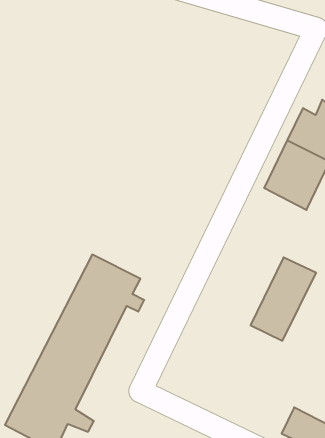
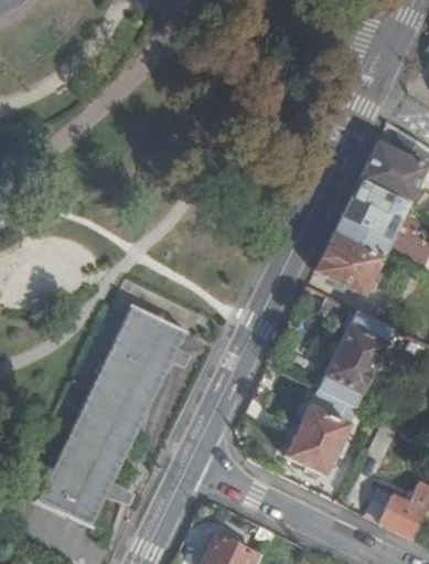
building: none -> [314,231,382,295]
building: none -> [285,387,356,473]

